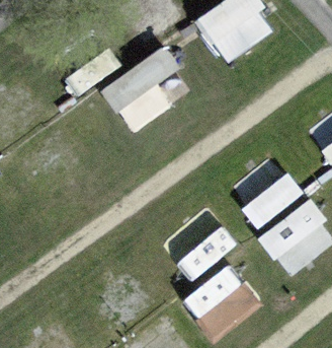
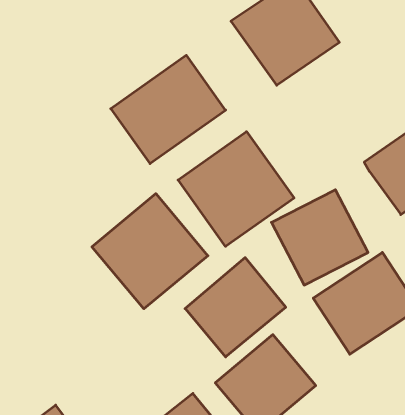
building: none -> [178,132,294,246]
building: none -> [92,194,208,309]

